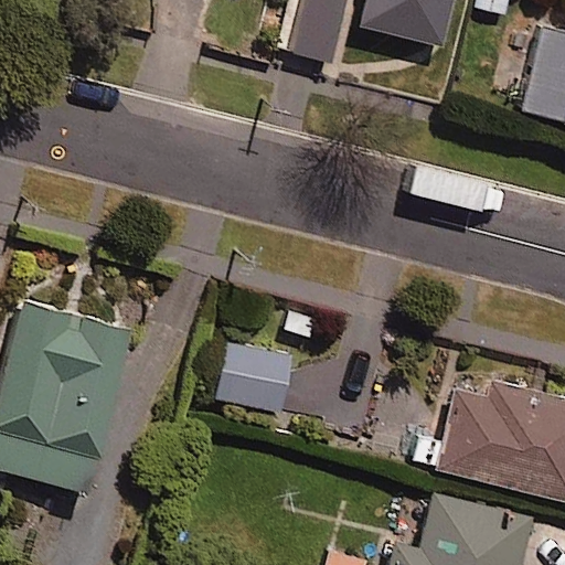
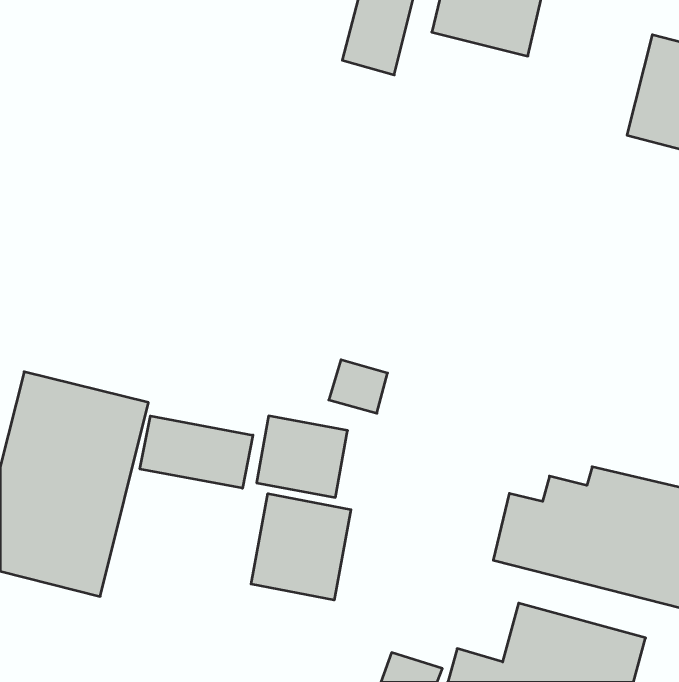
building: none -> [140,416,253,488]
building: none -> [251,494,351,600]

